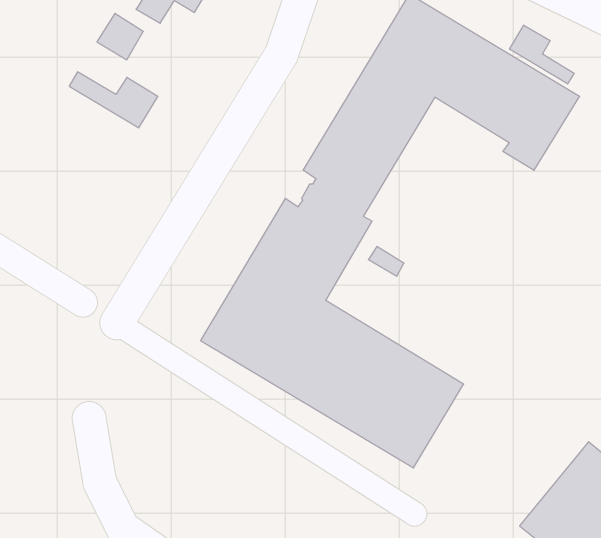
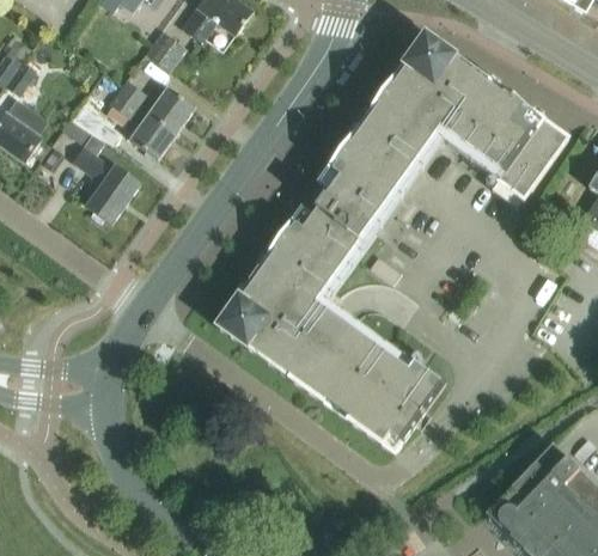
building: [510,25,574,84] -> none
building: none -> [106,90,177,157]
building: none -> [65,117,141,221]

